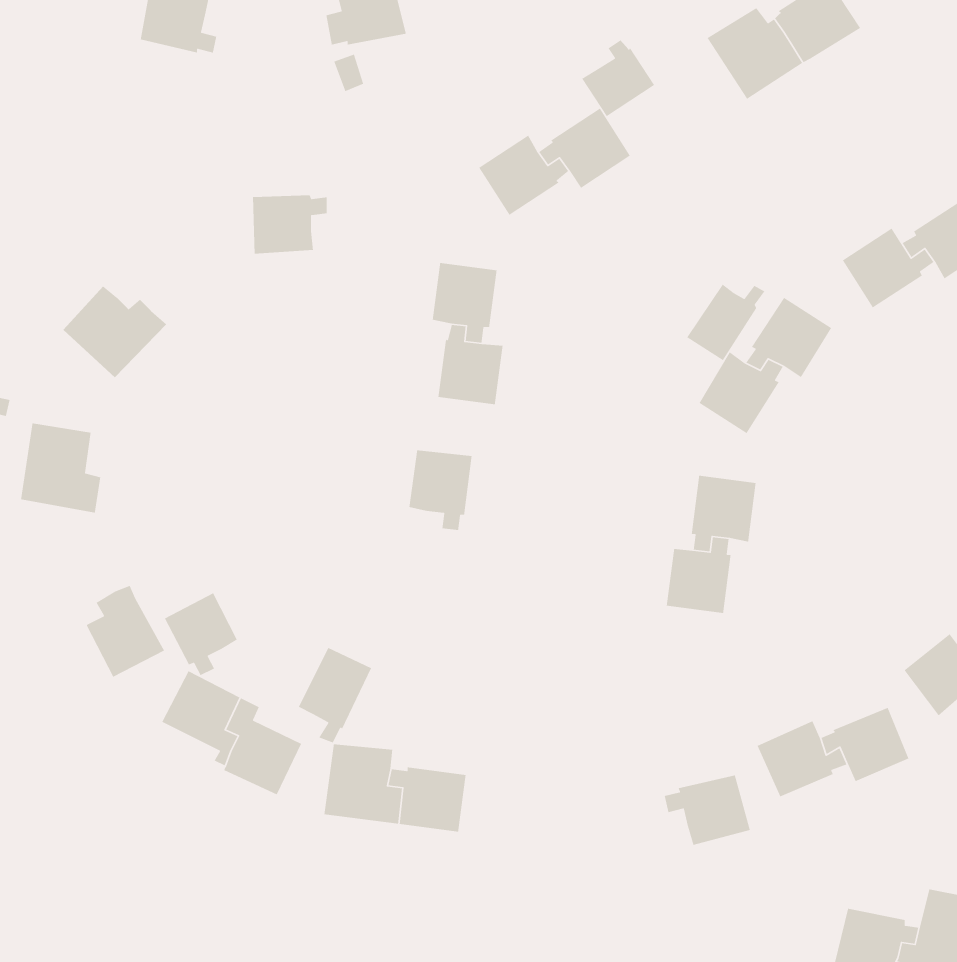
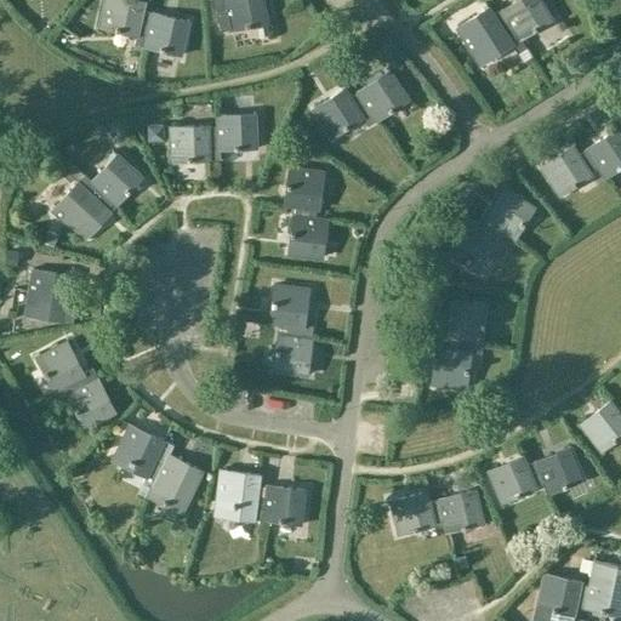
building: none -> [139,12,189,56]
building: [581,40,655,117] -> none
building: none -> [209,113,257,150]
building: none -> [78,154,143,206]
building: [686,283,766,361] -> none
building: none -> [273,324,313,375]
building: none -> [35,341,85,391]
building: [164,592,238,676] -> none
building: [298,647,372,743] -> none
building: none -> [391,491,444,535]

